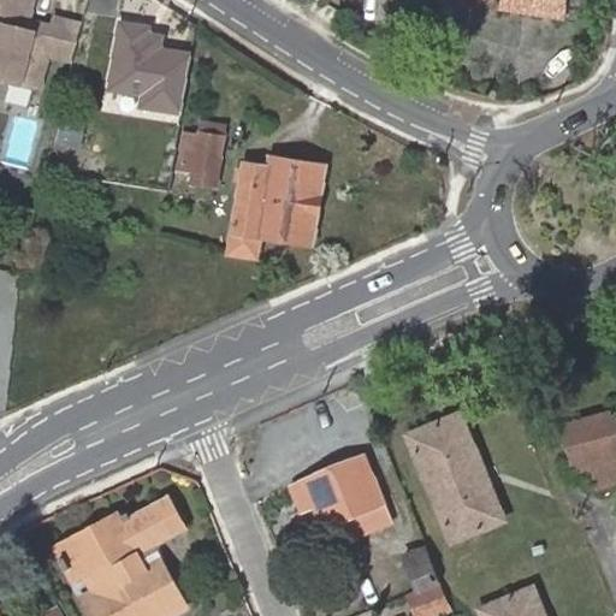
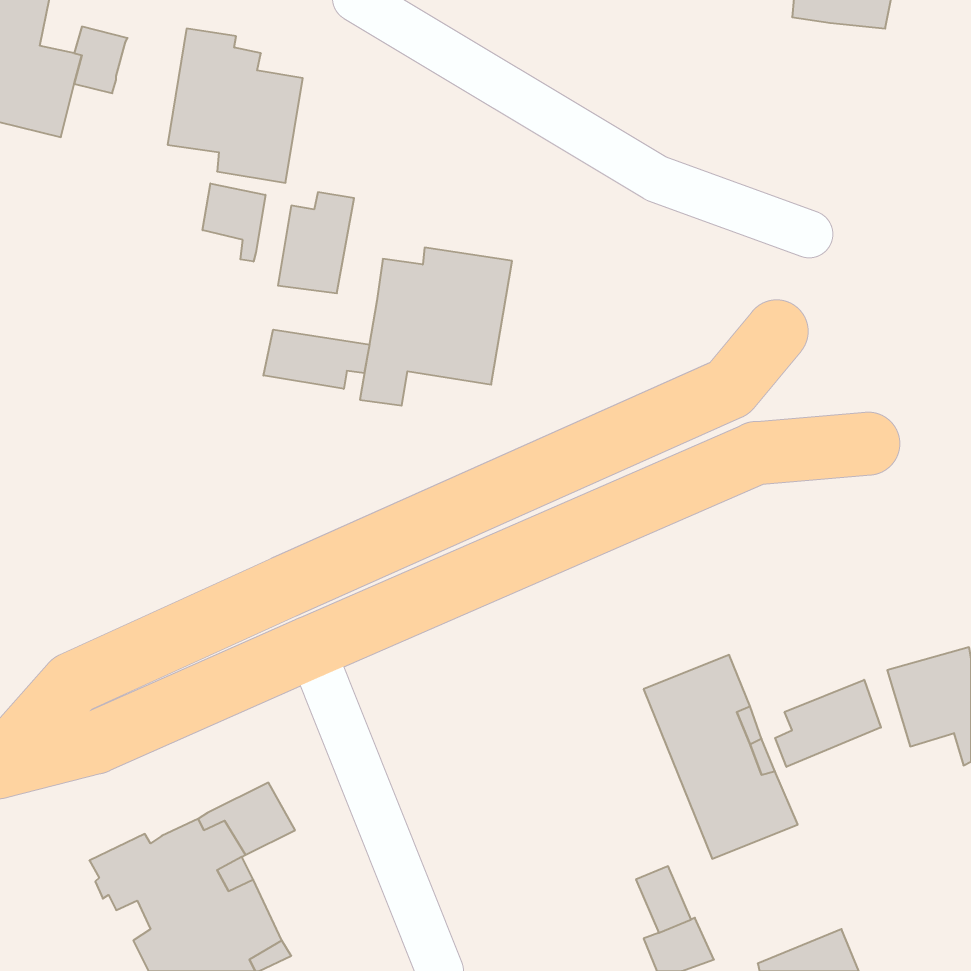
building: none -> [203,183,265,262]
building: none -> [263,330,369,389]
building: none -> [775,680,881,767]
building: [290,455,390,545] -> none

